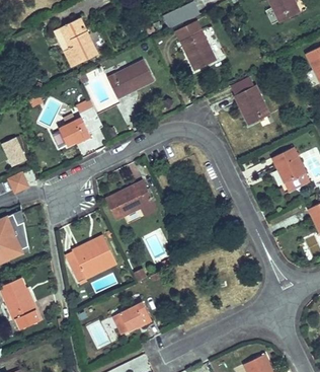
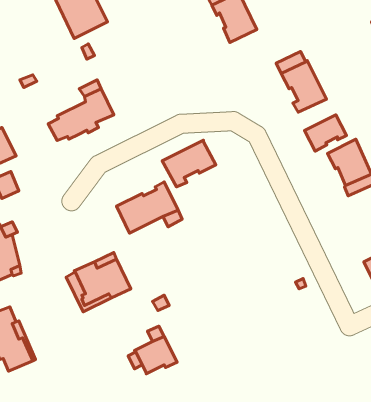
building: [107,60,154,99] -> none
building: none -> [305,115,346,151]
building: none -> [162,140,216,187]

